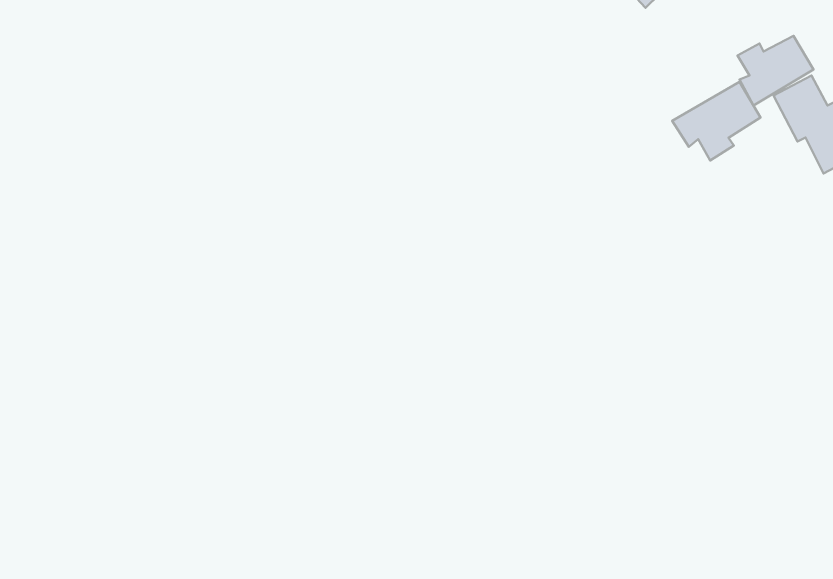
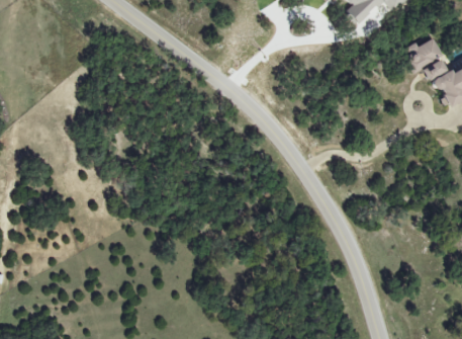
building: [672,82,760,160] -> none

